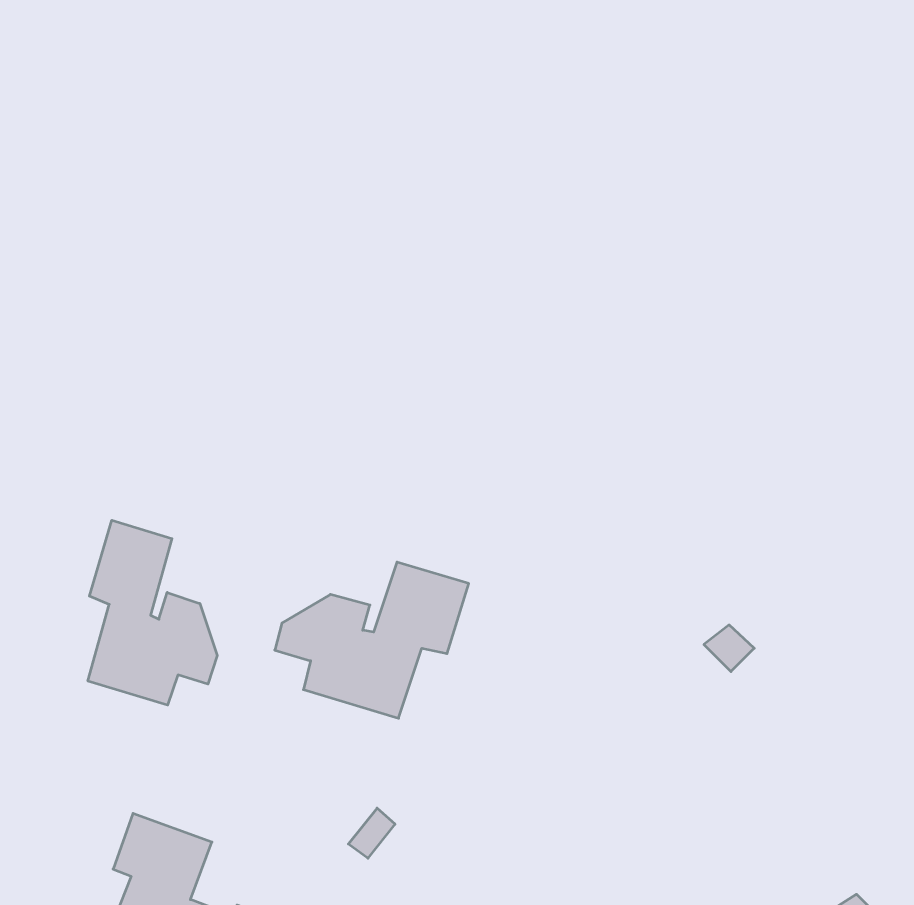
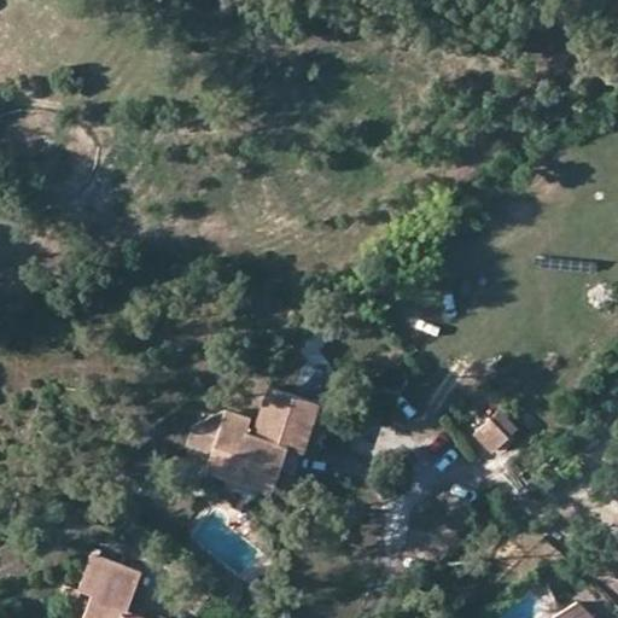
building: [88,520,217,705] -> none

